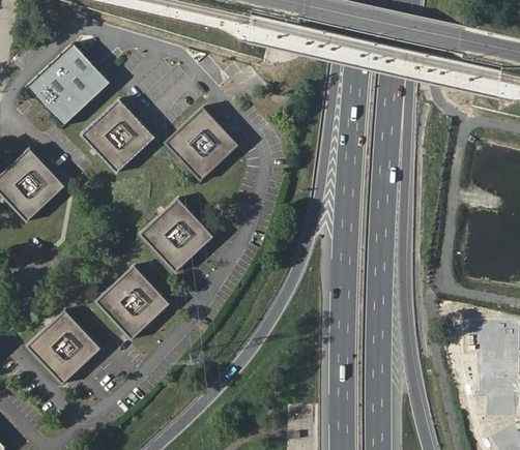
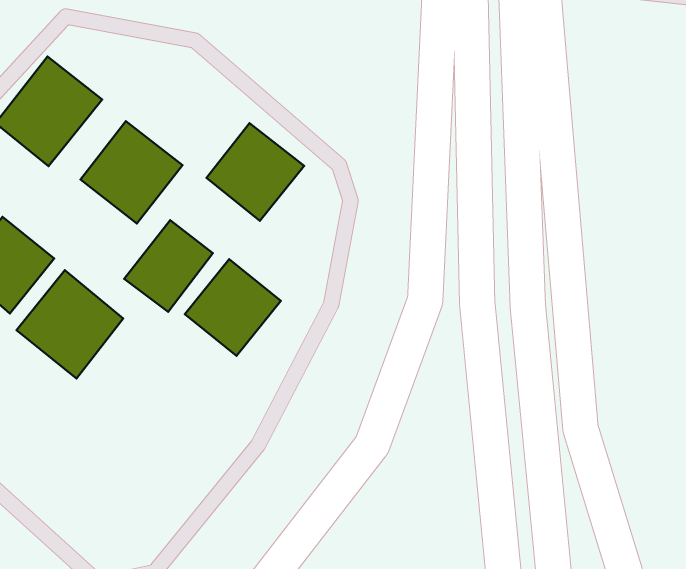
building: none -> [124,220,213,312]
building: [96,267,170,341] -> [16,270,123,378]
building: [29,314,102,386] -> none

